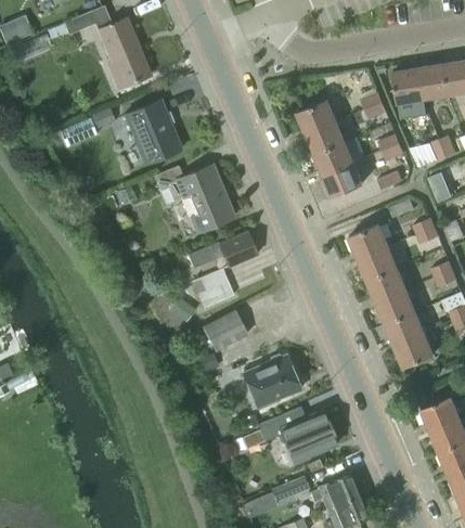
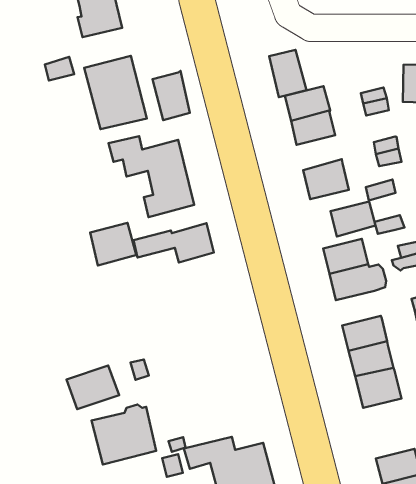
building: none -> [269,50,307,97]
building: none -> [152,71,190,120]
building: [312,141,352,175] -> [330,202,376,236]
building: [365,268,405,301] -> none
building: [191,270,233,310] -> [90,223,137,266]
building: [201,311,247,352] -> [66,365,119,409]
building: [241,355,299,410] -> [91,404,156,464]

